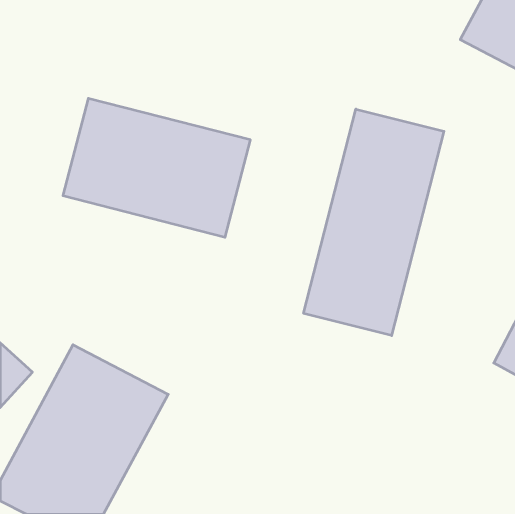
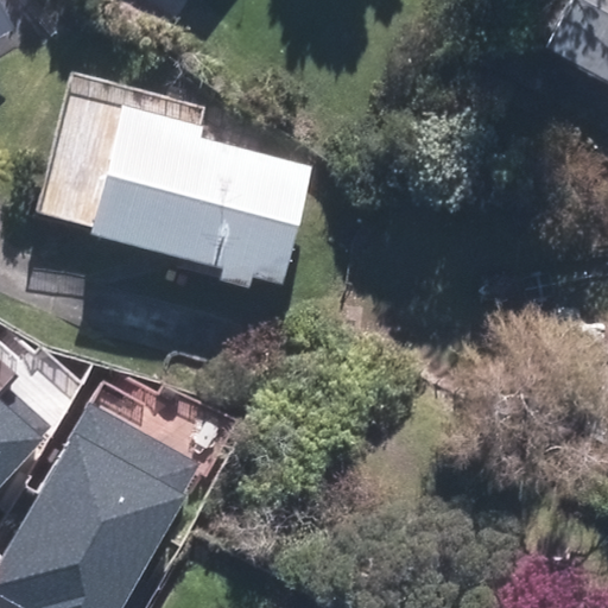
building: [304,109,444,336] -> none

